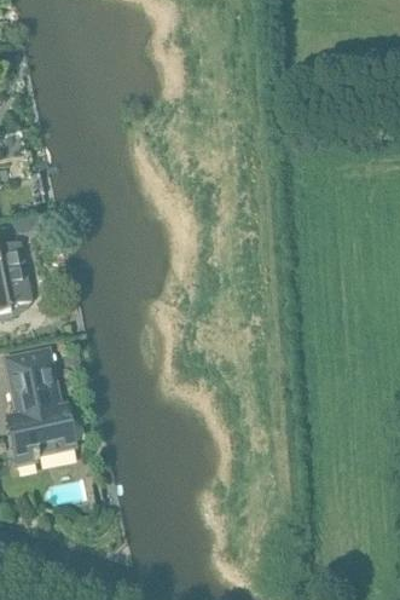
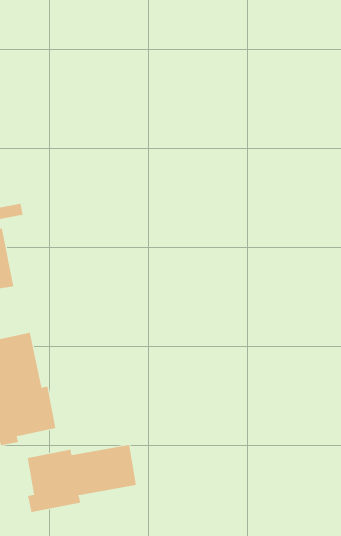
building: none -> [27,444,137,513]

